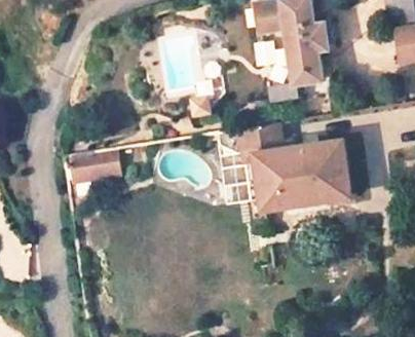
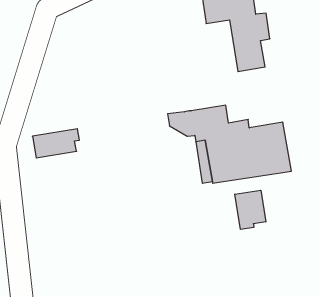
building: none -> [235,190,266,229]

